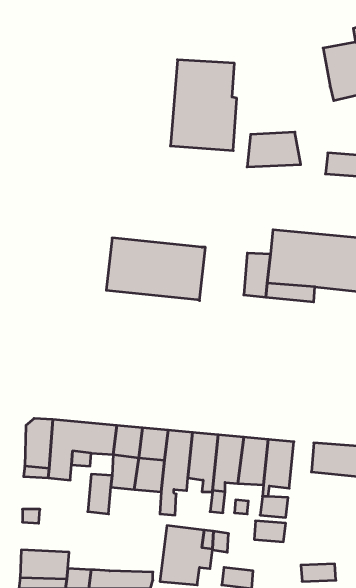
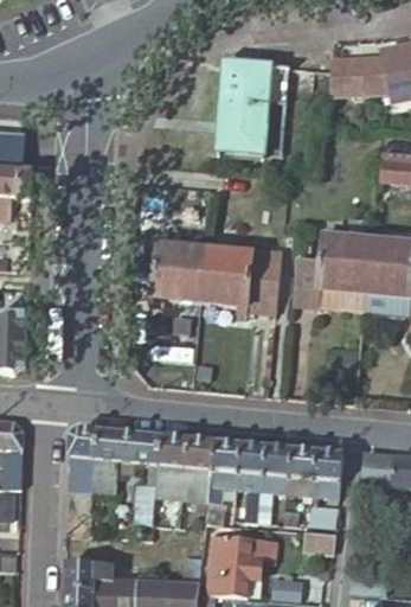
building: [247,132,301,167] -> [325,56,379,91]
building: none -> [243,249,278,314]

